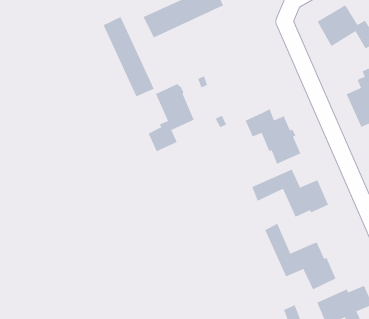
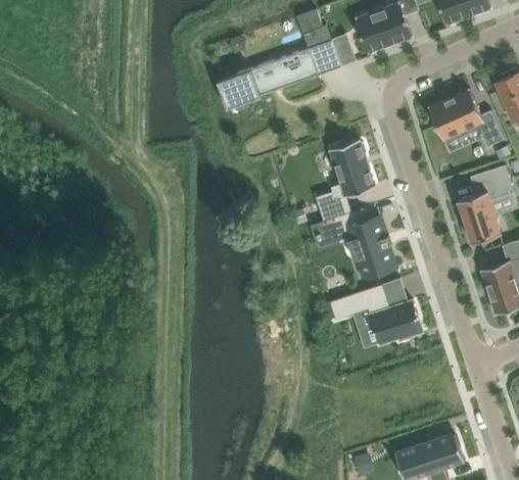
building: [103,16,155,97] -> none
building: [148,83,194,156] -> [313,140,374,226]
building: [264,223,336,290] -> none

